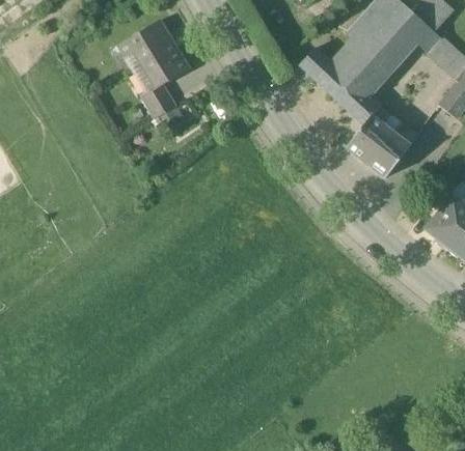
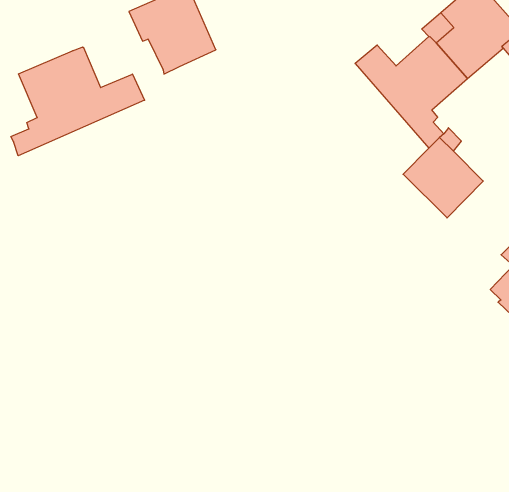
building: none -> [11,47,145,156]
building: [141,84,176,117] -> none

